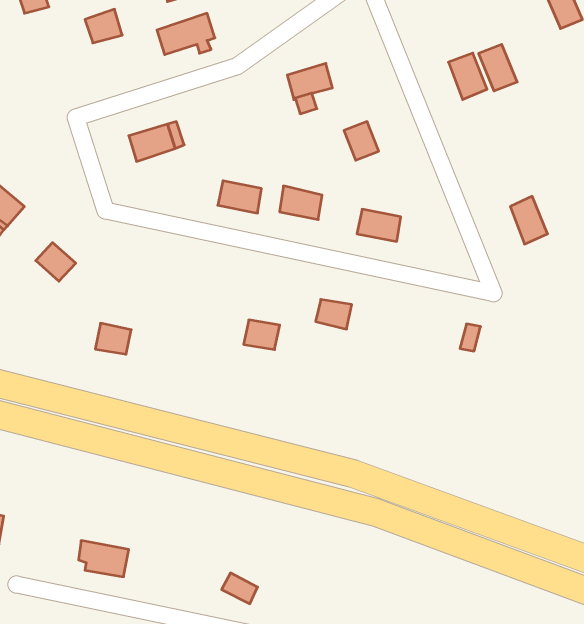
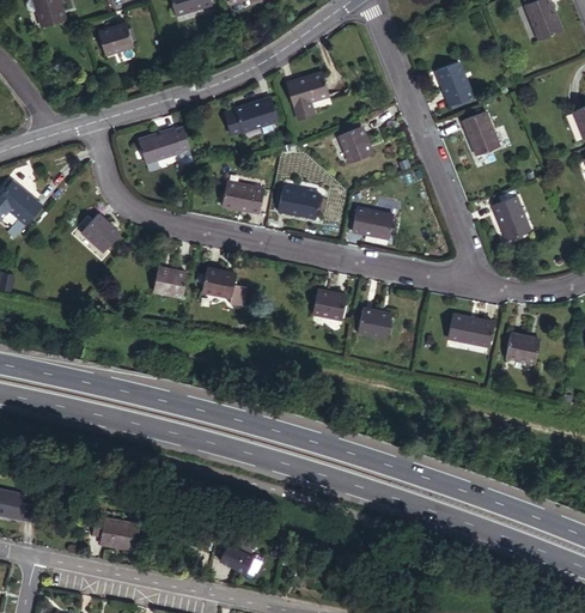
building: [157,13,215,55] -> [225,96,279,134]
building: [479,44,517,91] -> [463,111,499,154]
building: [36,243,76,281] -> [83,214,120,250]
building: none -> [359,308,392,336]
building: [244,320,280,350] -> [203,268,237,296]
building: [95,323,131,354] -> [154,267,188,296]
building: none -> [461,316,495,345]
building: none -> [506,333,540,362]

